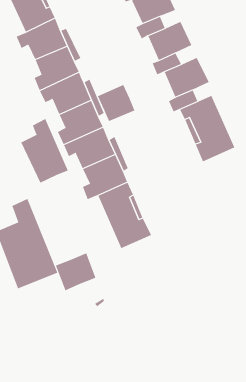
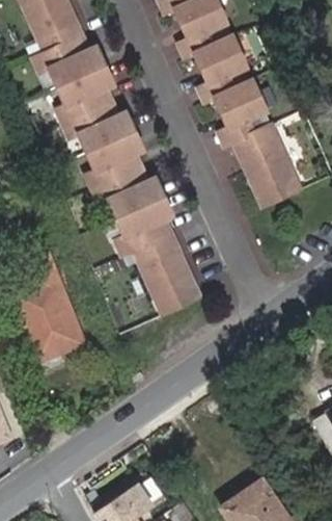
building: [97,84,135,122] -> none
building: [20,118,69,183] -> none
building: [55,253,96,291] -> none

